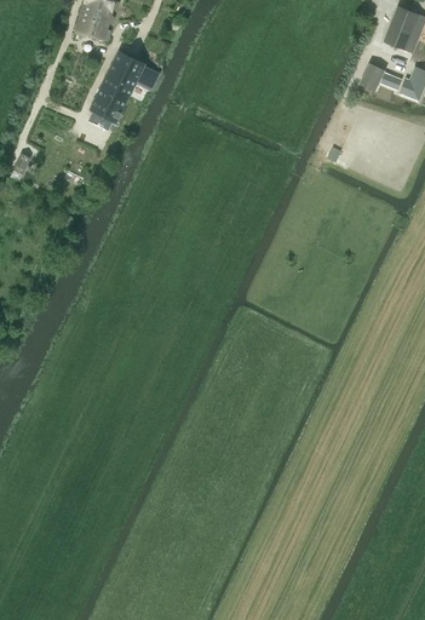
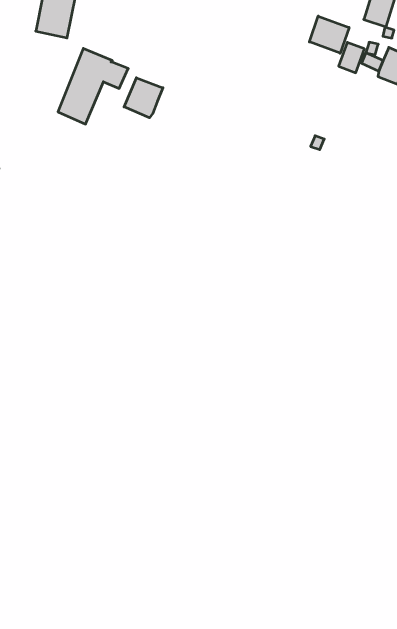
building: none -> [309,16,349,53]
building: none -> [124,78,163,118]

